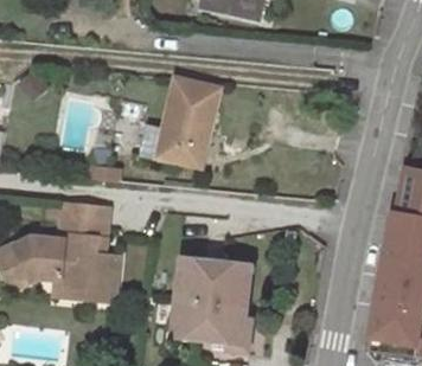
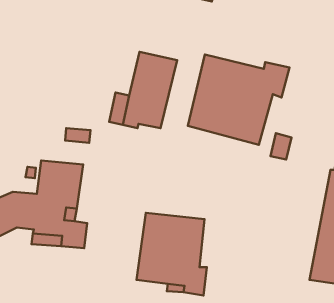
building: none -> [188,54,290,145]

